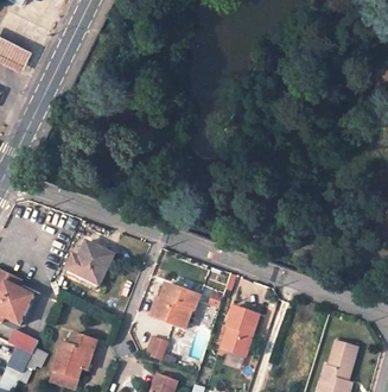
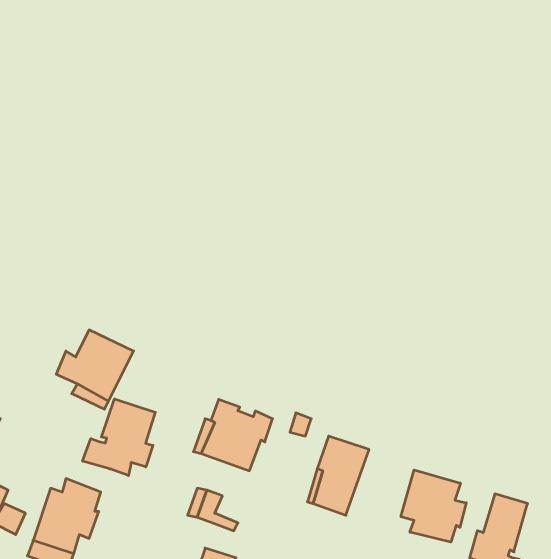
building: none -> [83,399,155,476]
building: none -> [401,470,466,542]

